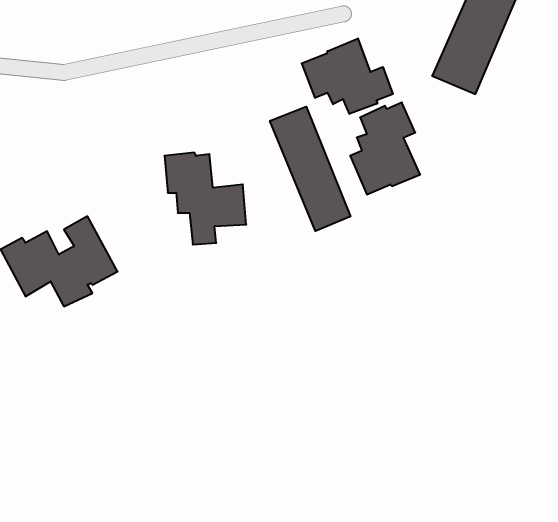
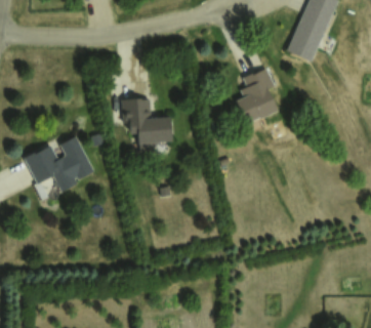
building: [302,38,393,114] -> none
building: [270,107,350,231] -> none

